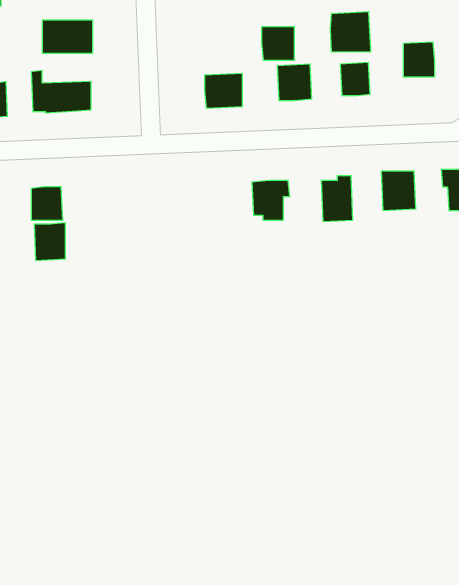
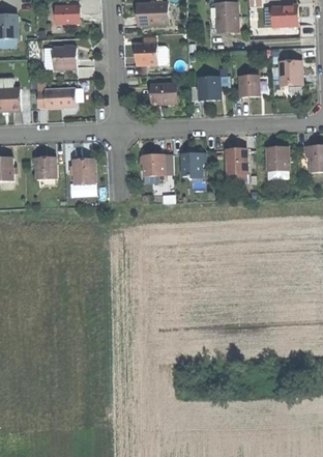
building: [331,11,371,52] -> none
building: [262,27,295,60] -> [135,42,156,64]
building: none -> [140,154,163,177]
building: [34,223,66,260] -> [72,158,93,182]

